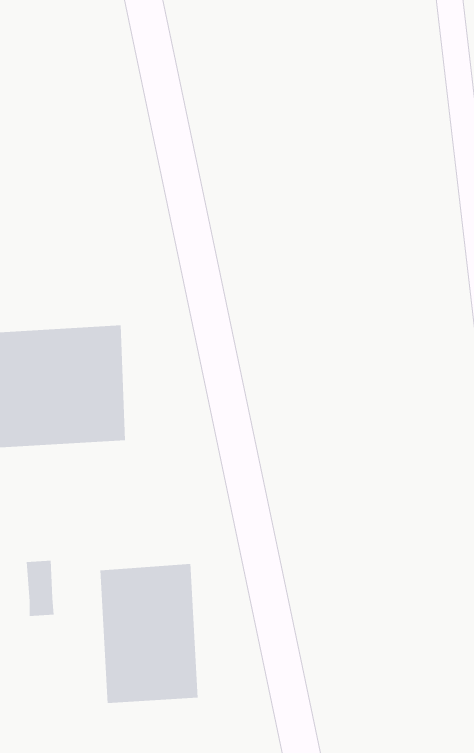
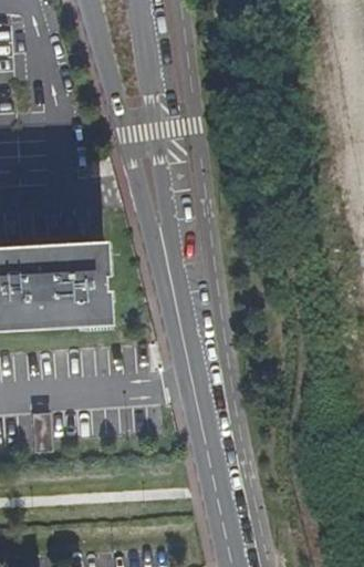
building: [100,563,198,704] -> none

